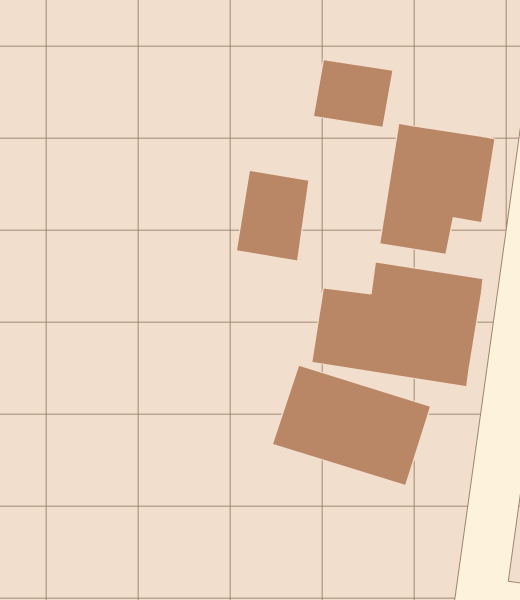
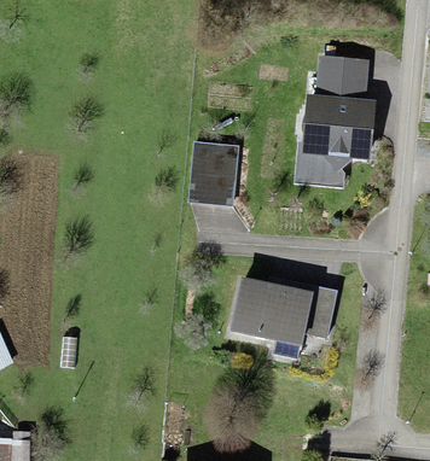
building: [313,60,393,127] -> [314,58,370,104]
building: [312,262,483,387] -> none

